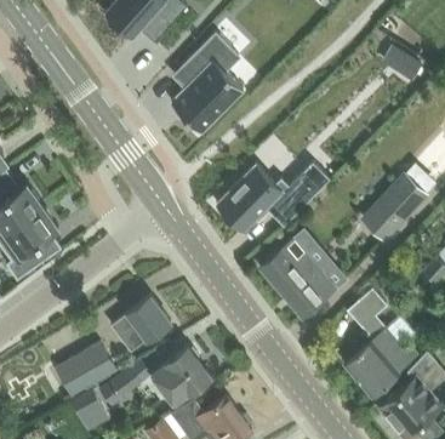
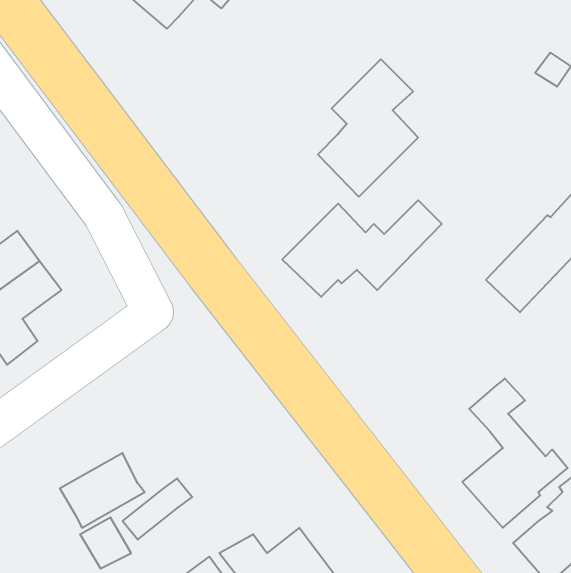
building: [171,35,243,133] -> [318,59,418,197]
building: [259,239,335,318] -> none
building: [110,296,171,353] -> none
building: [150,346,211,404] -> none

